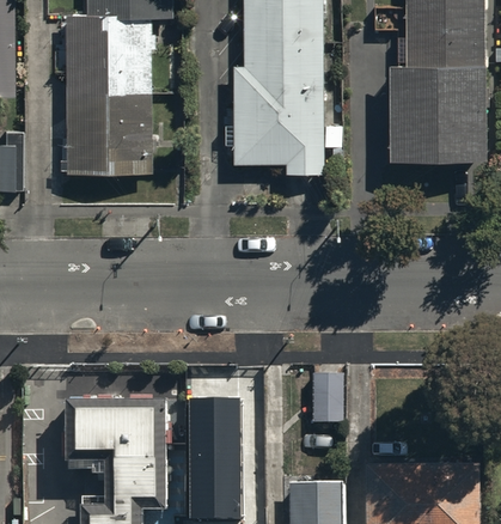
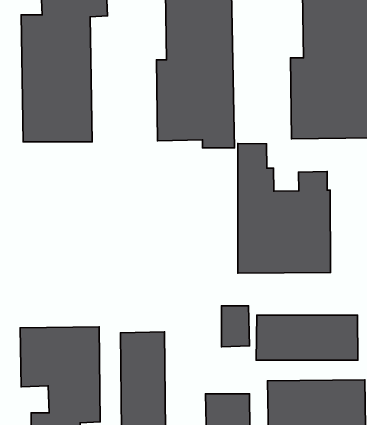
building: none -> [238,143,330,273]
building: none -> [256,315,358,360]

